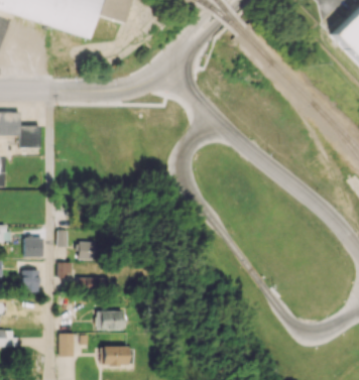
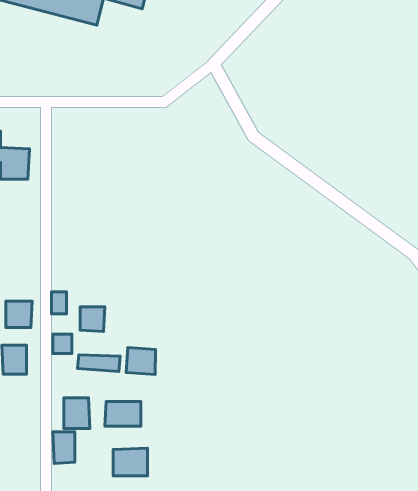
building: none -> [126,348,156,375]
building: none -> [64,398,90,428]

